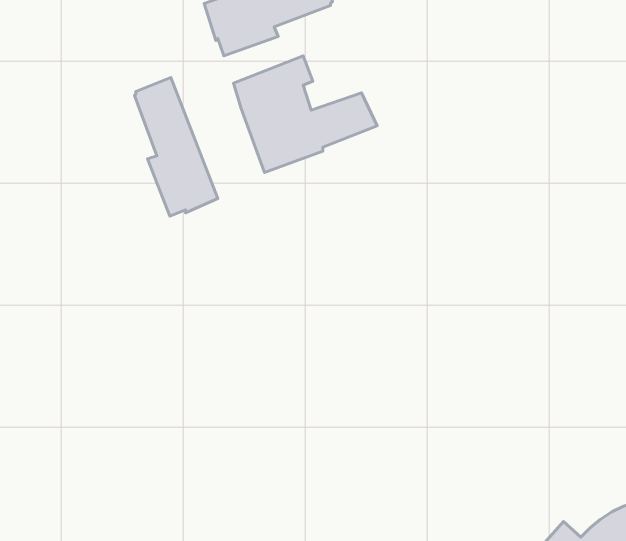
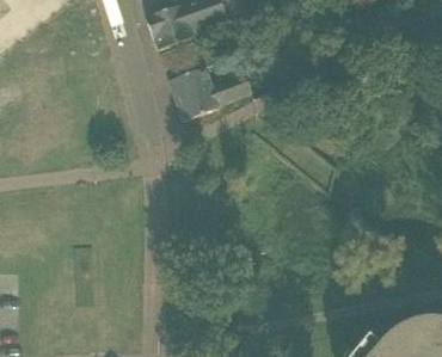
building: [134,78,218,216] -> none

